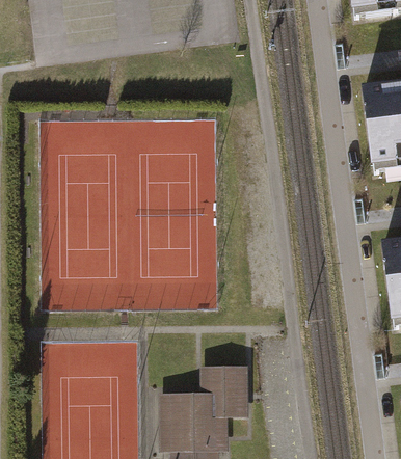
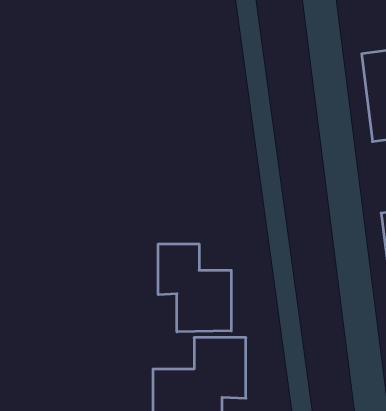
building: none -> [158,244,231,332]

